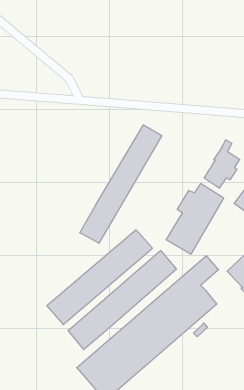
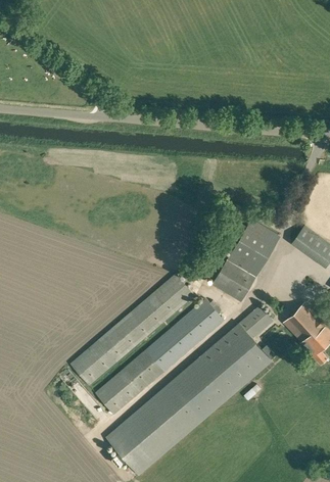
building: [80,125,162,243] -> none
building: [204,140,240,188] -> none

